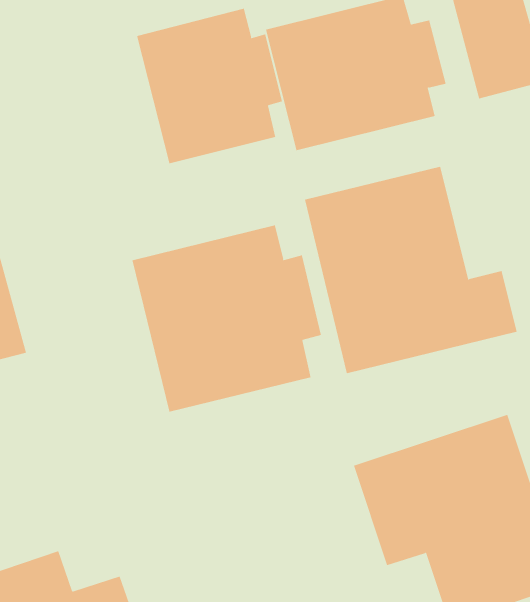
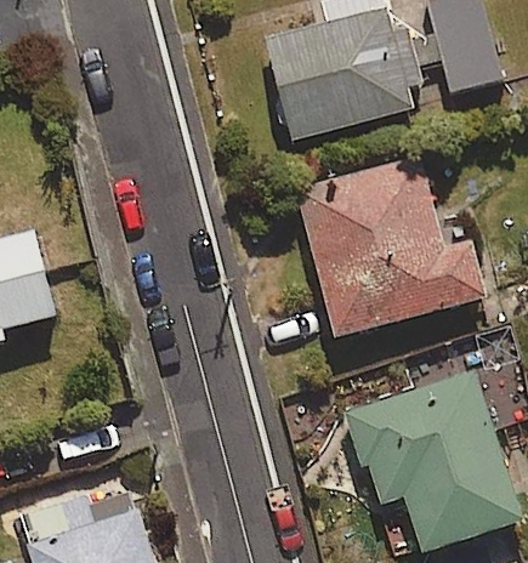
building: [137,8,282,164] -> none
building: [132,225,321,412] -> none

